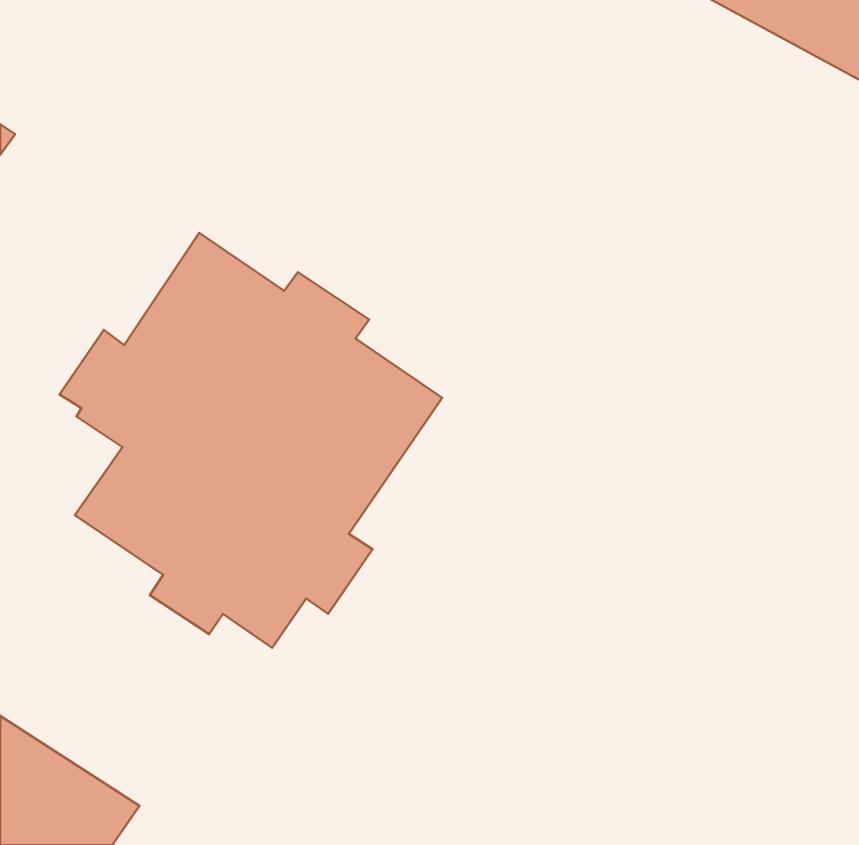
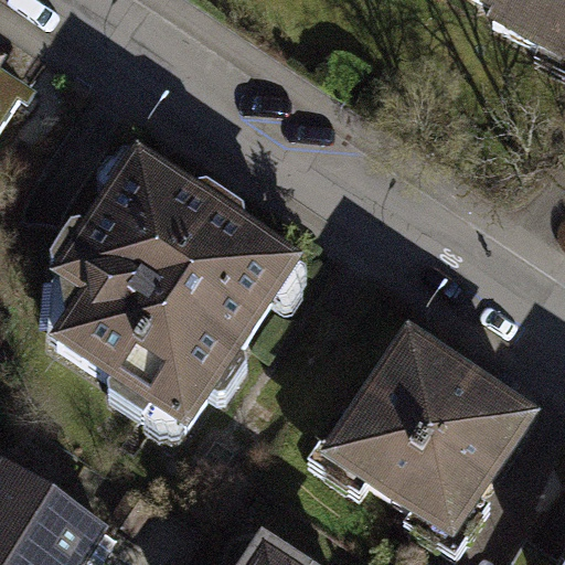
building: none -> [329,332,527,530]

